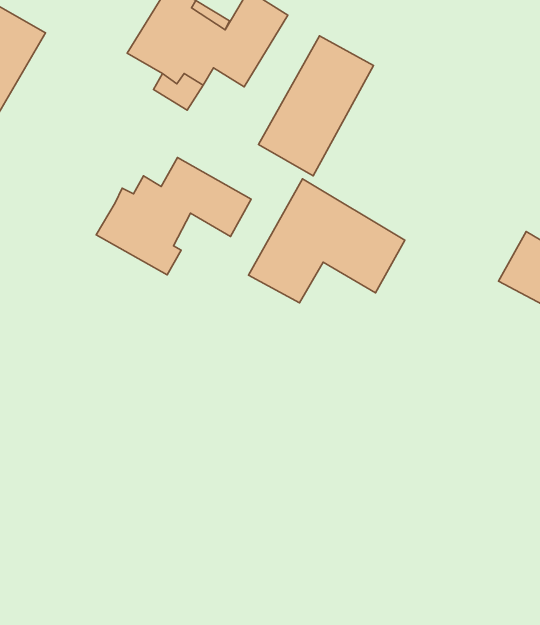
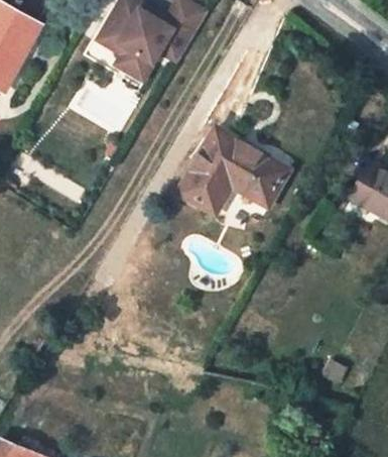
building: [259,36,374,176] -> none
building: [96,158,251,275] -> none

